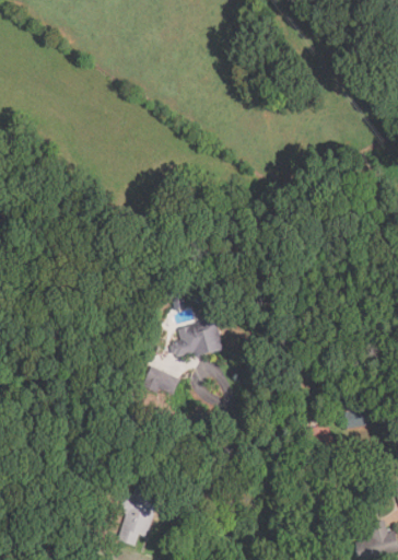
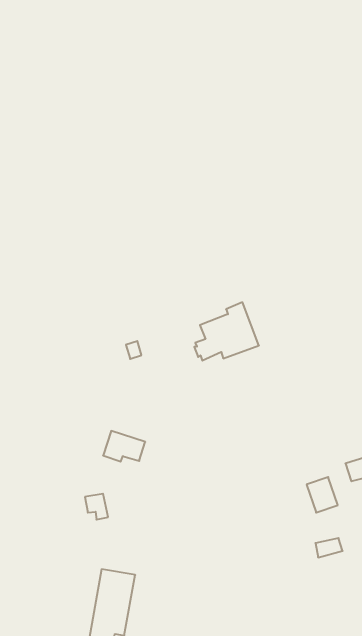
building: [169,314,223,359] -> [194,302,259,361]

